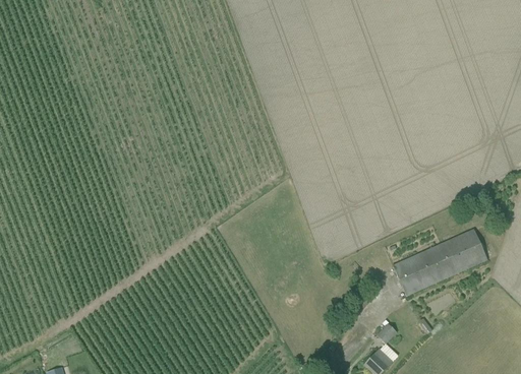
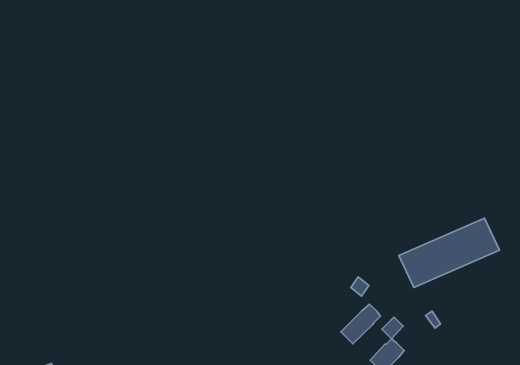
building: none -> [341,304,380,344]

